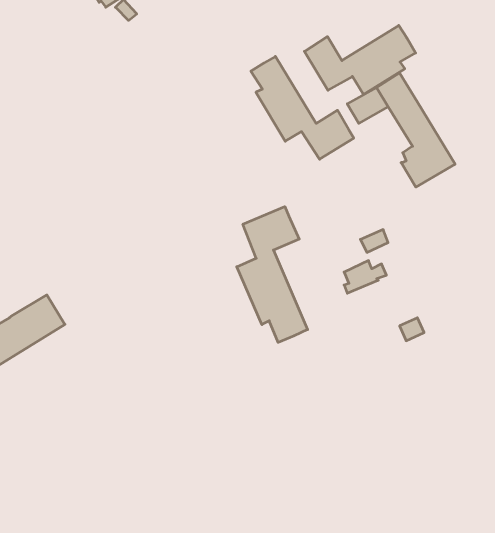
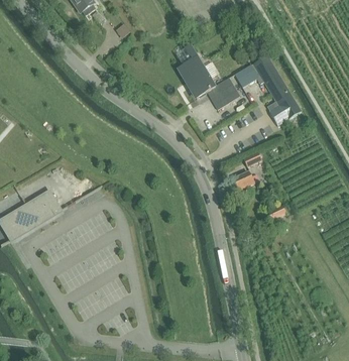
building: [304,25,416,95] -> none
building: [237,207,308,342] -> none

